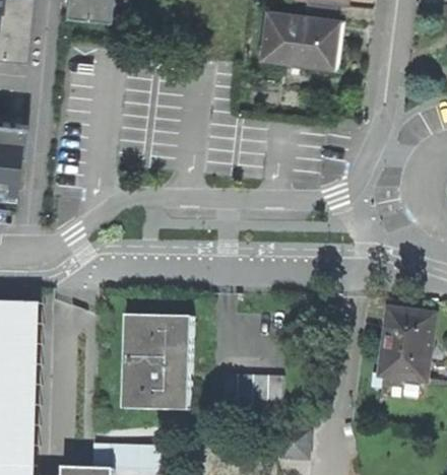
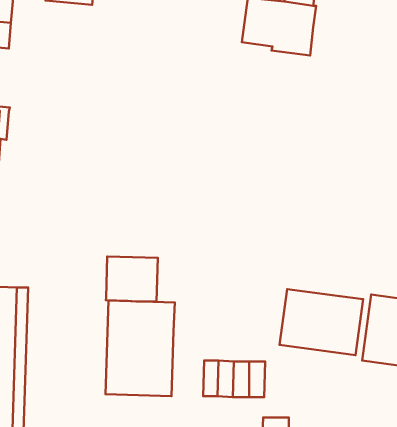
building: none -> [106,257,158,302]
building: none -> [279,289,363,355]

